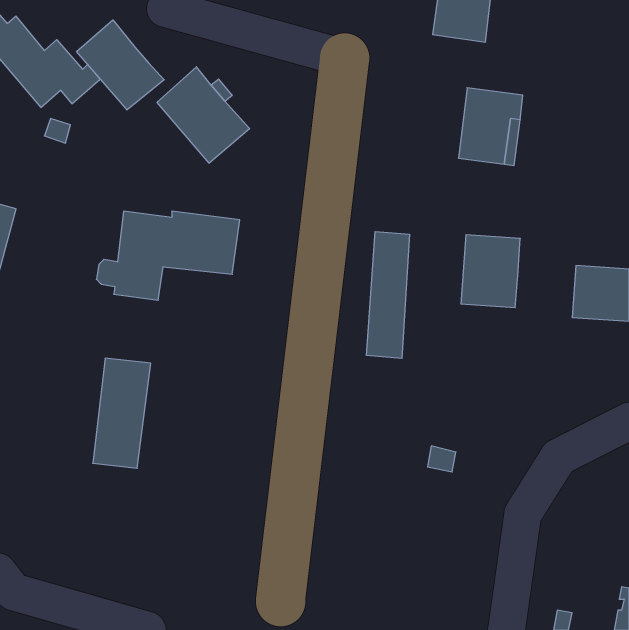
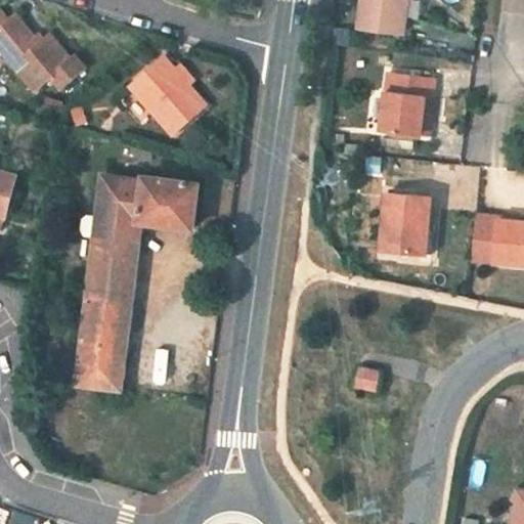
building: [77,20,164,110] -> none
building: [367,232,409,358] -> none
building: none -> [87,244,131,301]

